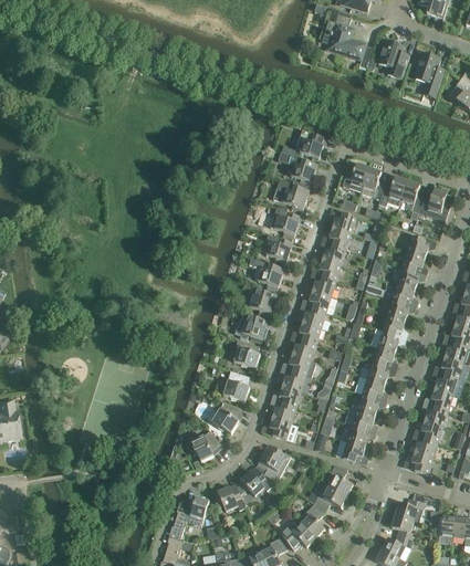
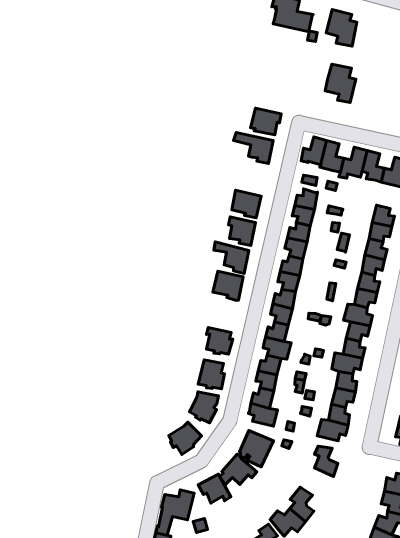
building: [412,52,443,91] -> [325,64,356,102]
building: [272,179,309,211] -> none
building: [233,312,267,342] -> none
building: [313,483,346,512] -> none

